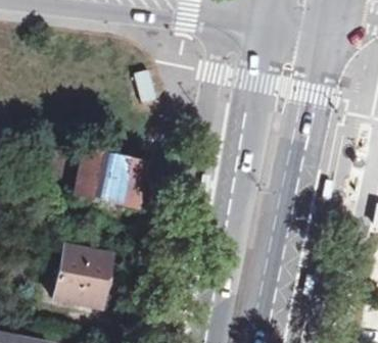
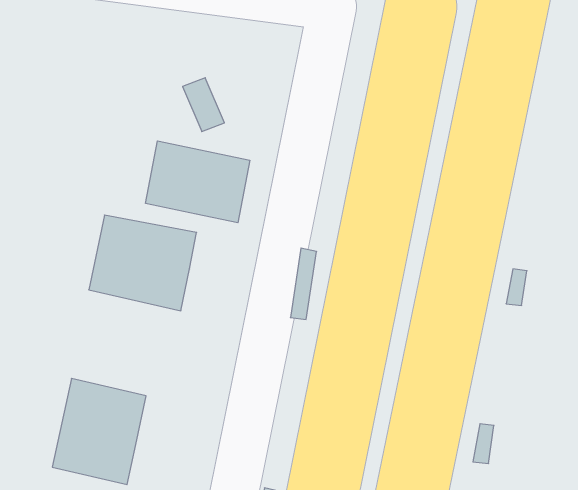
building: none -> [146,141,250,223]

